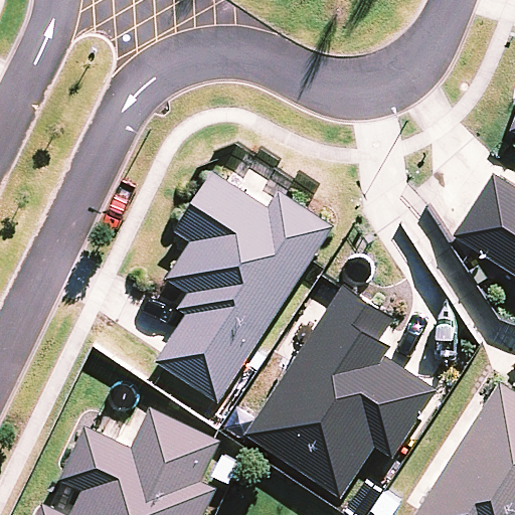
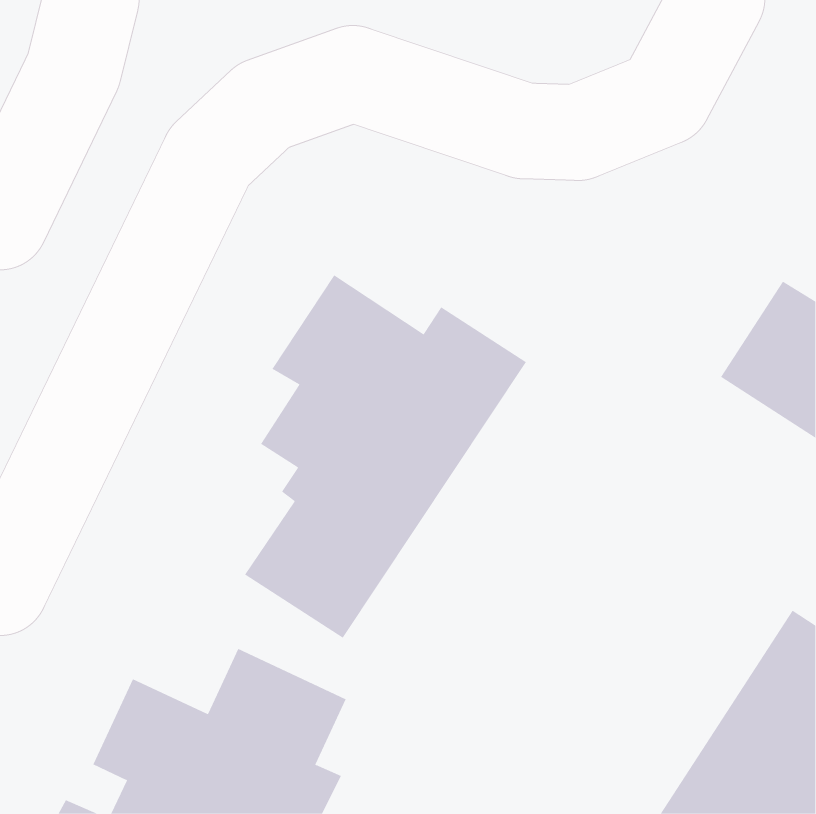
building: [244,287,435,498] -> none

